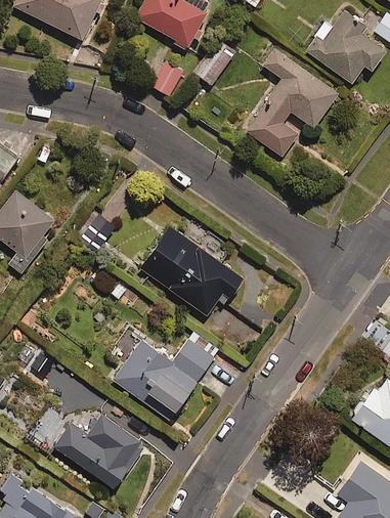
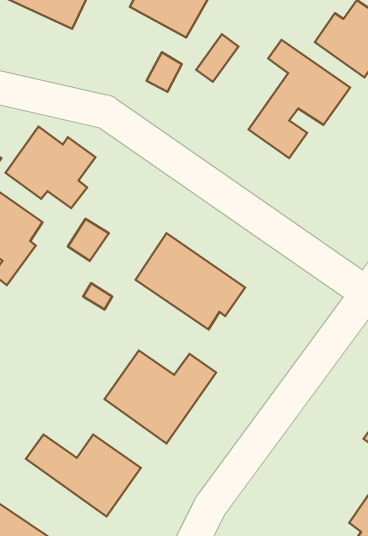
building: none -> [6,126,96,208]

